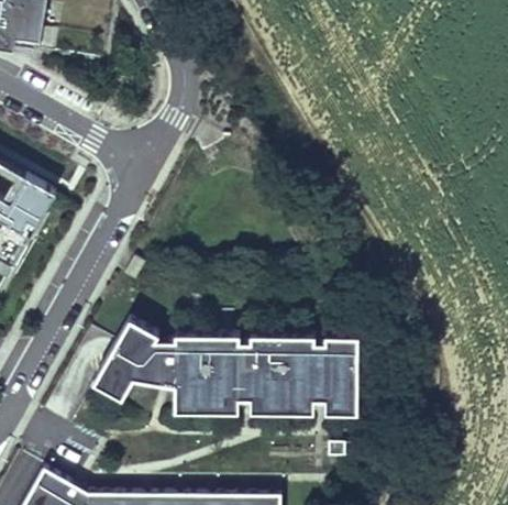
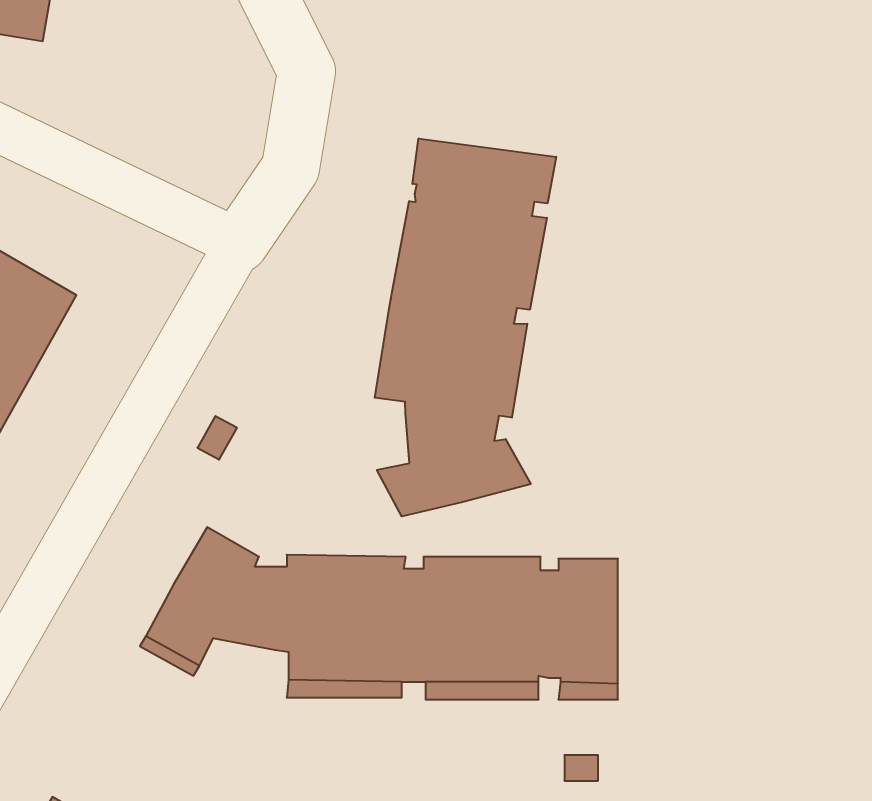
building: none -> [375,138,556,516]

